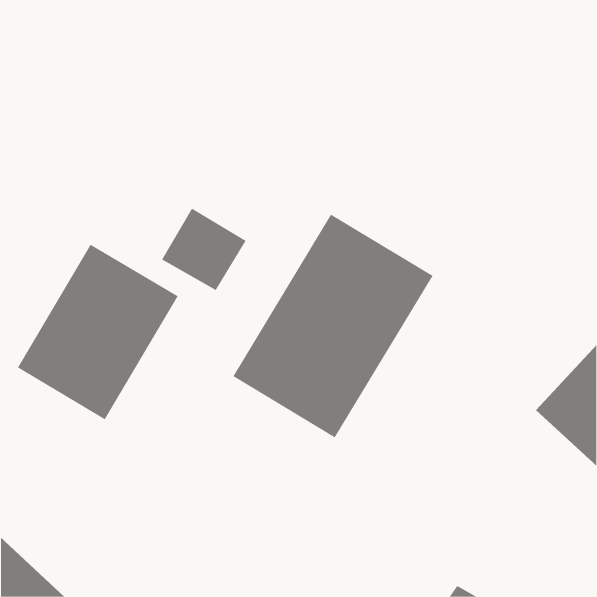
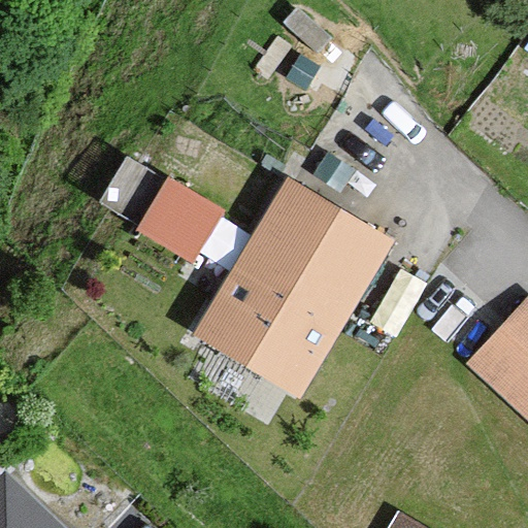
building: [17,244,178,420] -> none

